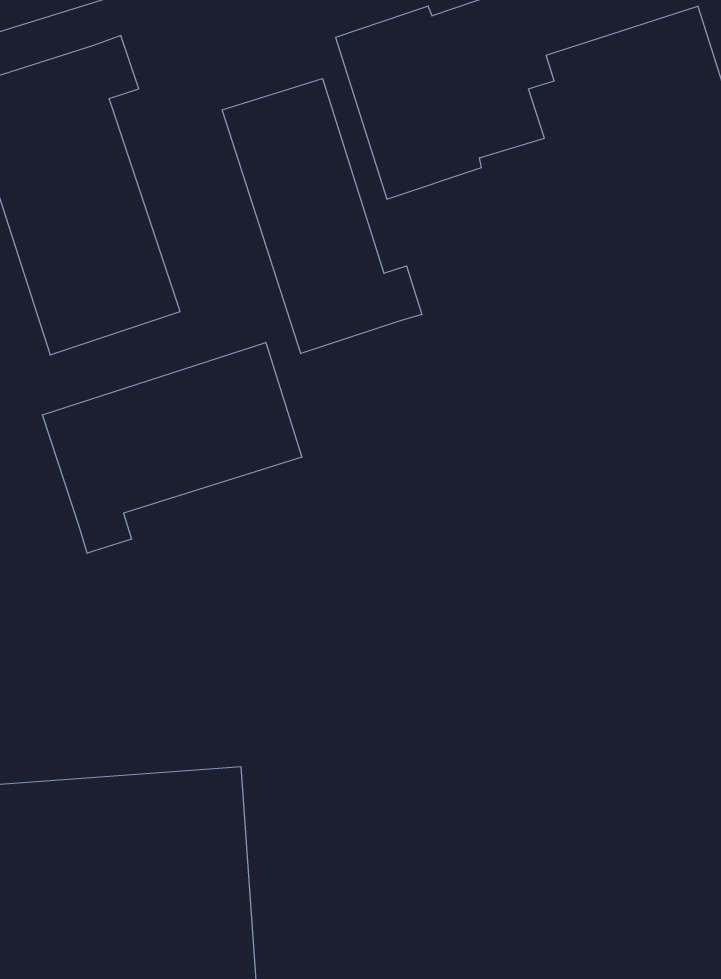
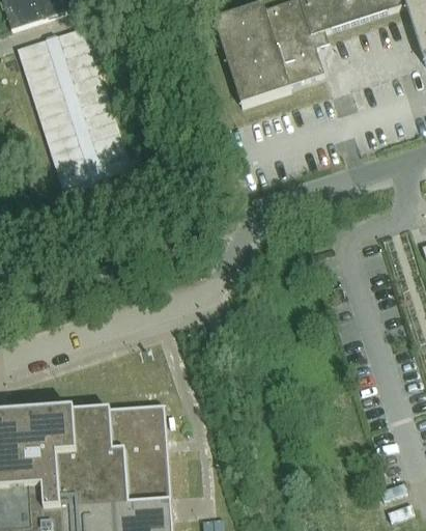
building: [222,79,422,354] -> none
building: [42,342,302,553] -> none

